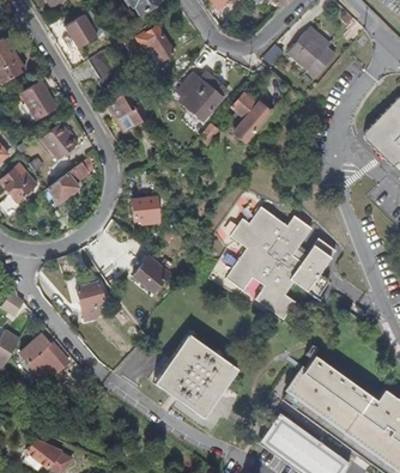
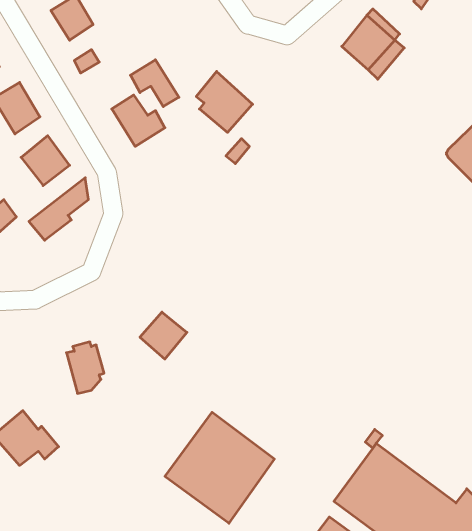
building: [137,25,174,61] -> [130,60,179,107]
building: [231,92,269,144] -> none
building: [134,196,160,223] -> none
building: [225,206,333,317] -> none

